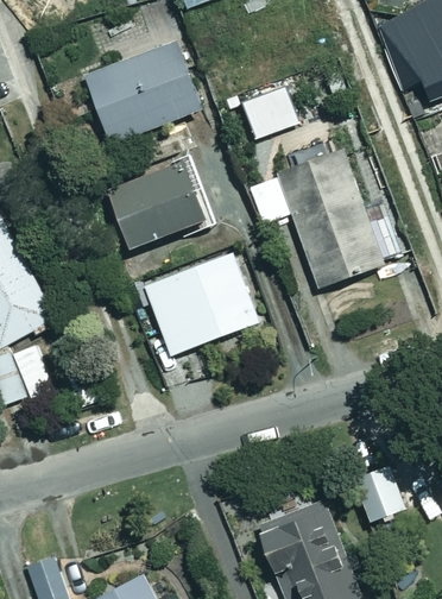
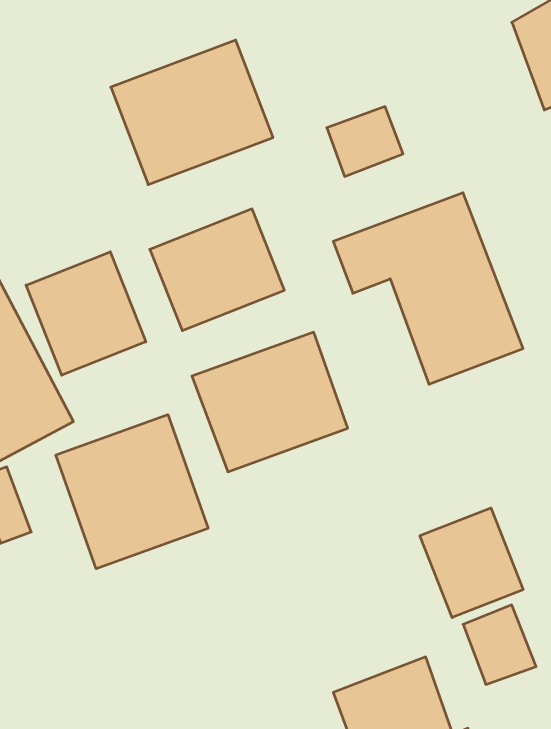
building: none -> [26,252,146,375]
building: none -> [56,415,208,569]
building: none -> [420,508,523,618]

